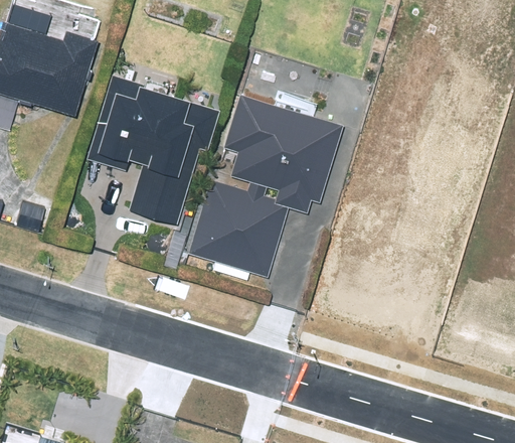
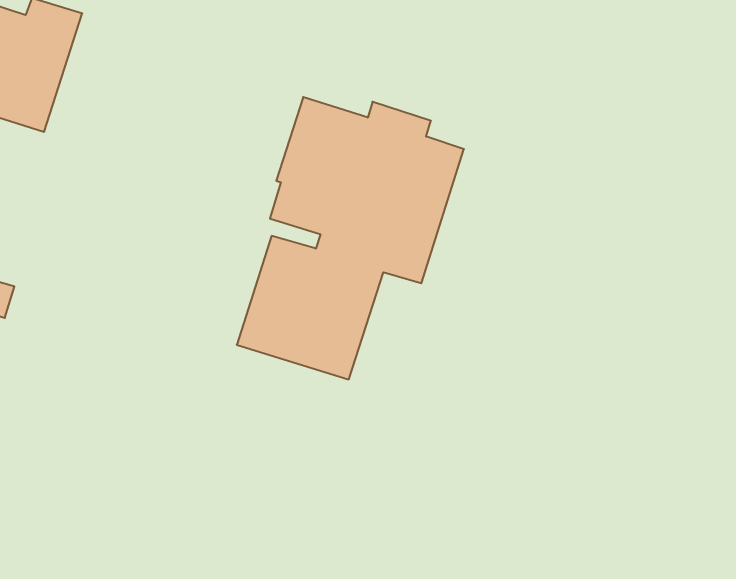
building: [88,75,226,227] -> none

